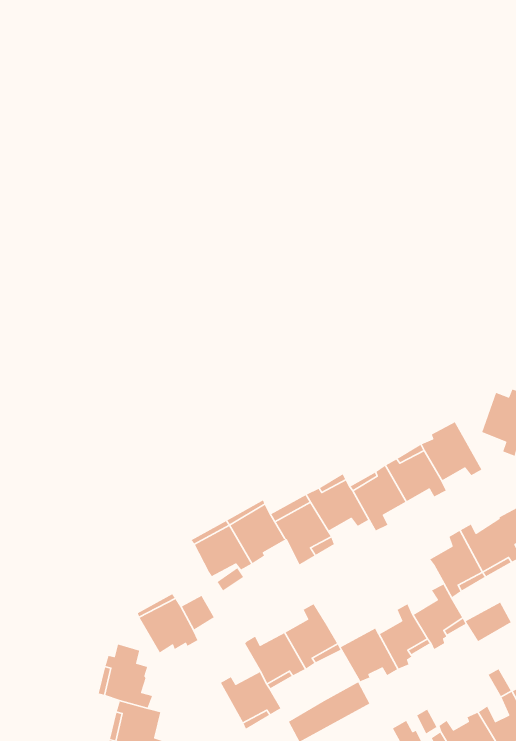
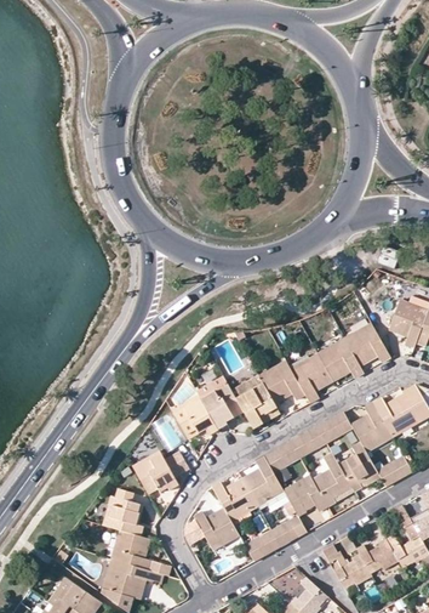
building: none -> [264,410,354,472]

